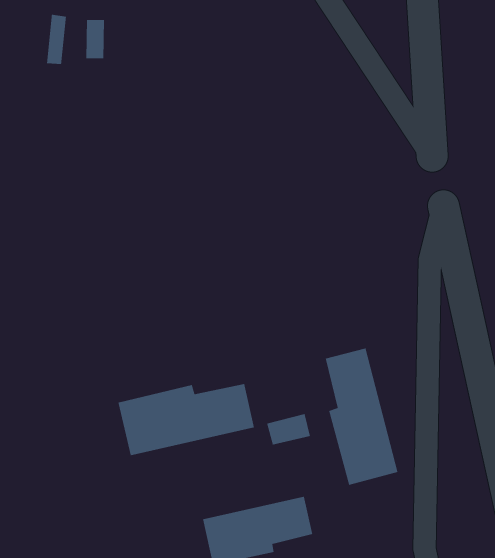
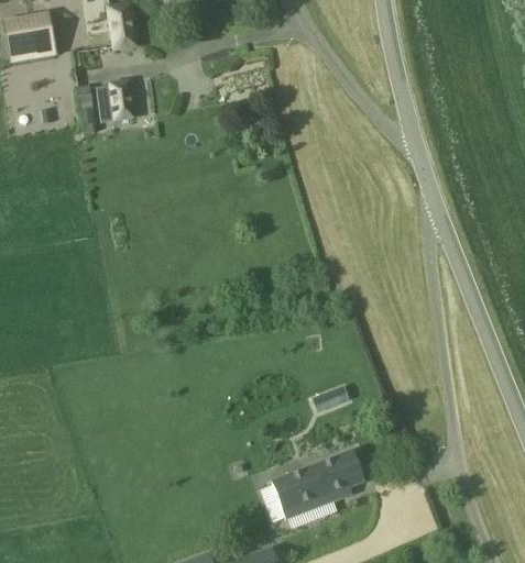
building: [325,347,399,486] -> none
building: [117,383,255,456] -> none

